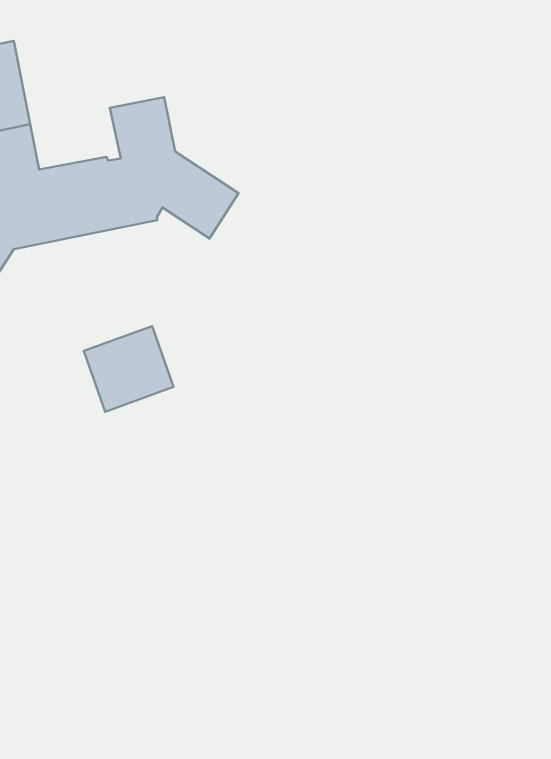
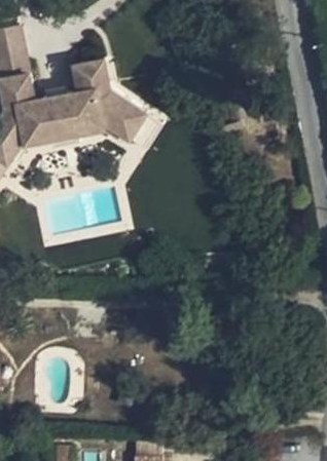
building: [84,326,174,412] -> none

